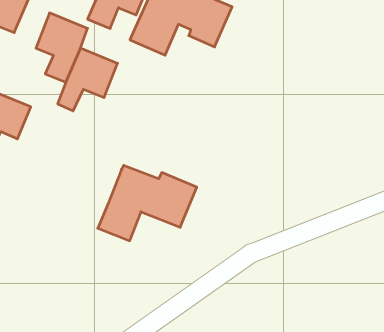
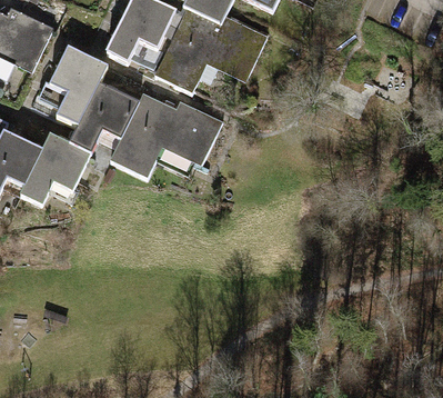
building: none -> [27,135,92,203]
building: [98,165,197,241] -> [114,97,221,178]

